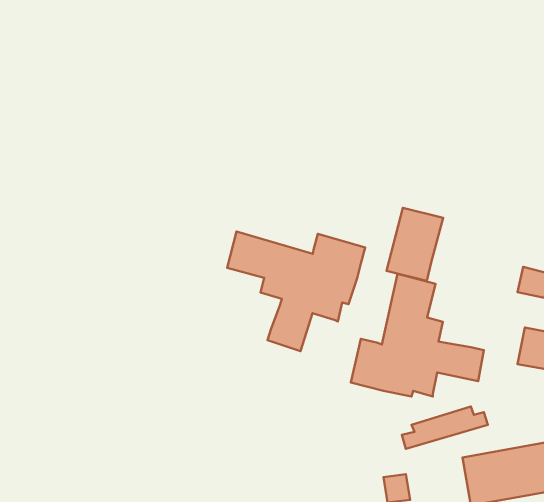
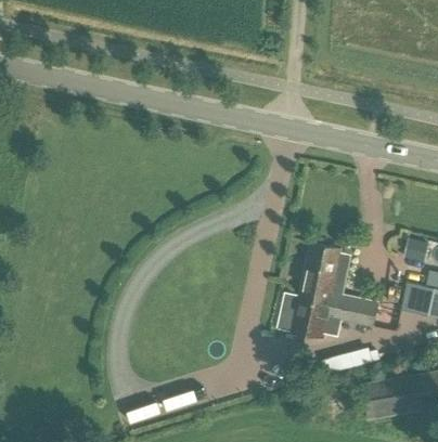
building: [387,208,443,281] -> none
building: [227,232,365,351] -> none

